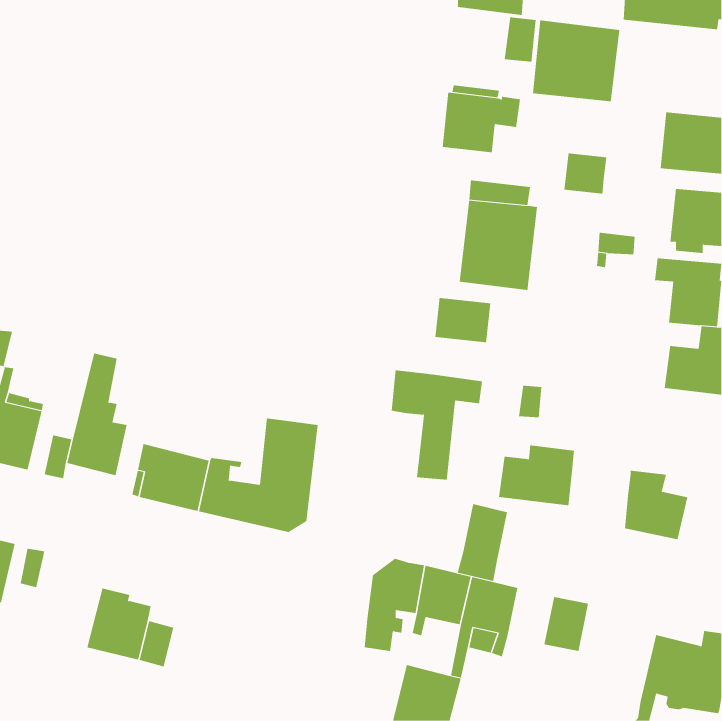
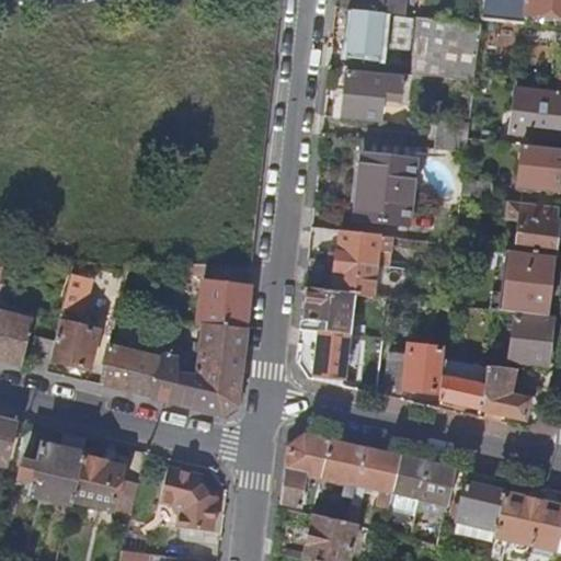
building: none -> [352,9,383,51]
building: none -> [333,261,377,295]
building: none -> [201,279,251,329]
building: none -> [511,312,552,363]
building: none -> [439,358,488,409]
building: [457,504,508,581] -> [389,455,428,515]
building: none -> [13,434,82,504]
building: none -> [151,469,211,533]
building: none -> [457,482,507,542]

